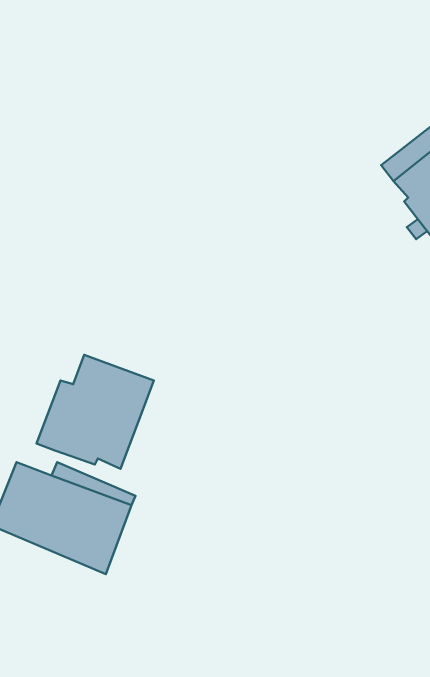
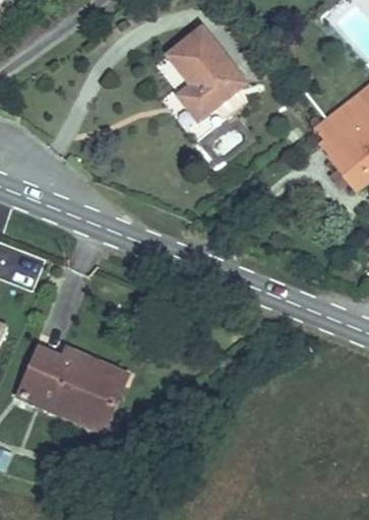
building: none -> [170,23,249,117]
building: [36,355,154,469] -> none

